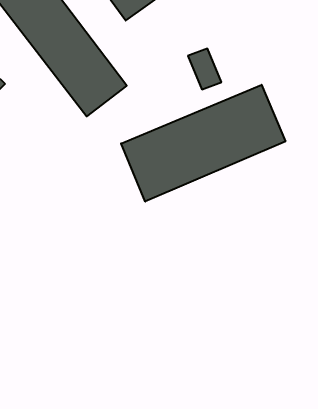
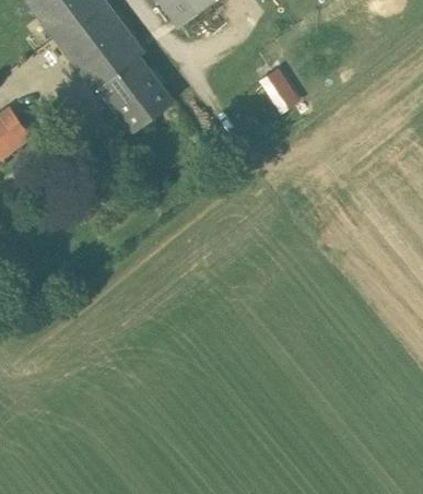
building: [121,85,285,202] -> none

